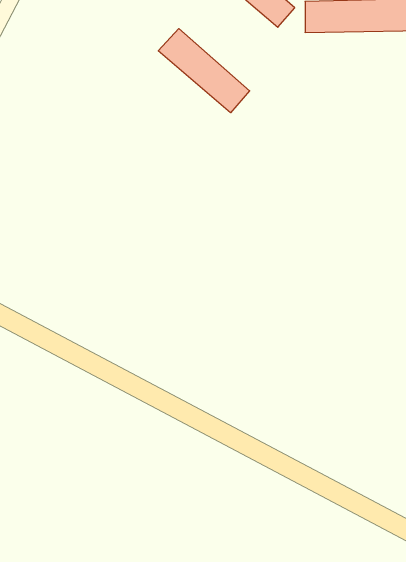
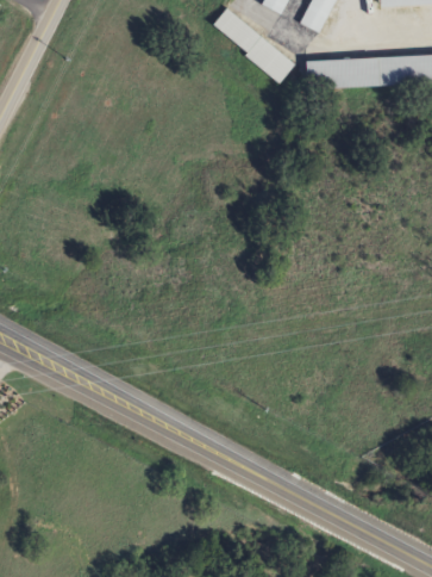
building: [158,29,250,113] -> none

